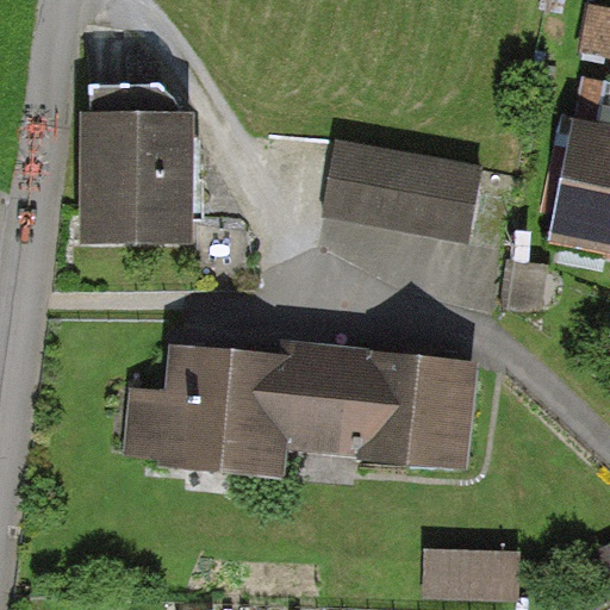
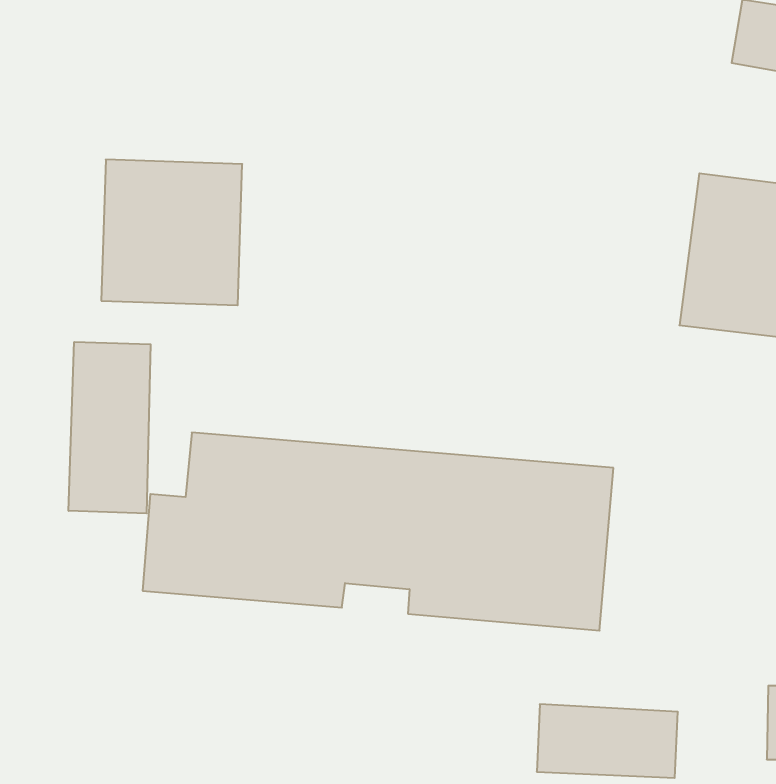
building: [324,139,494,237] -> none
building: none -> [69,342,151,513]

